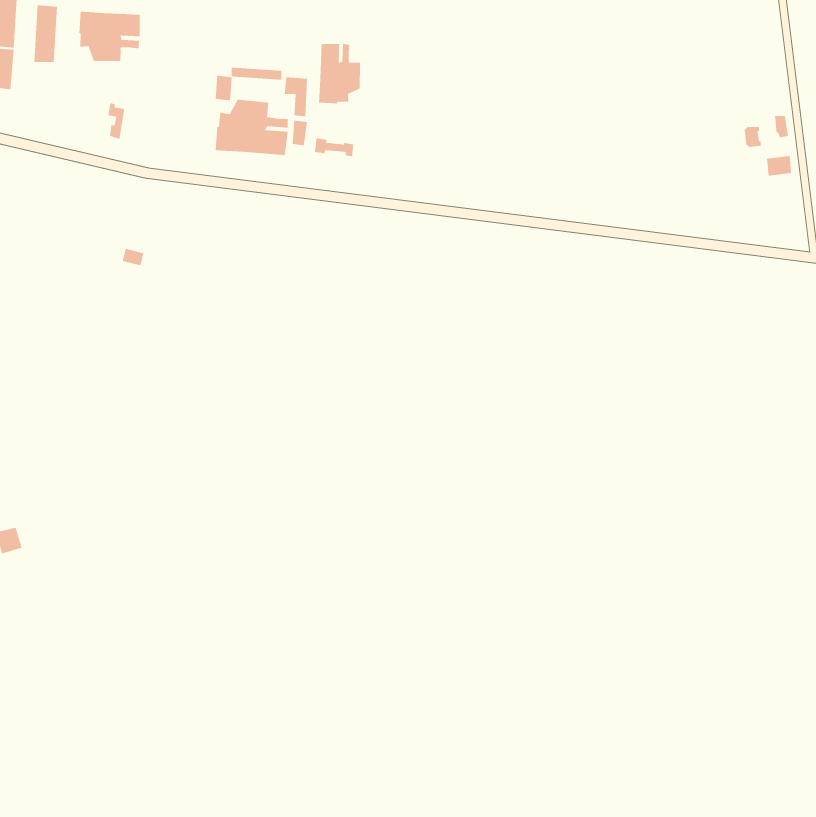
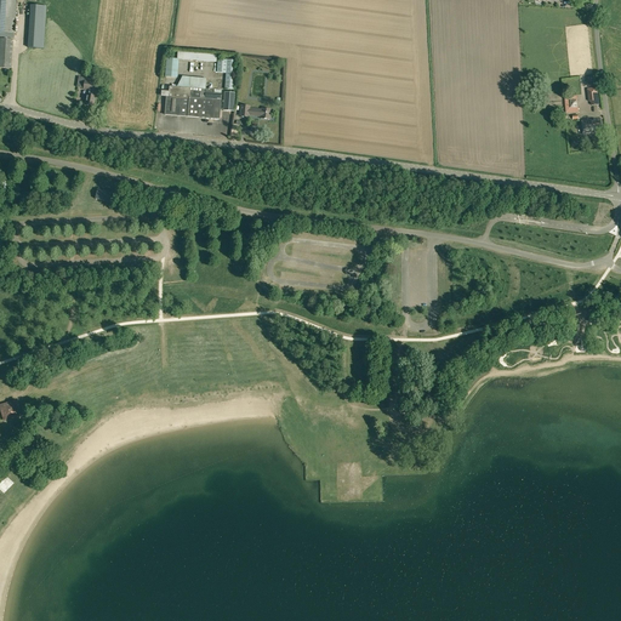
building: [79,11,140,62] -> none
building: [319,43,361,104] -> none

